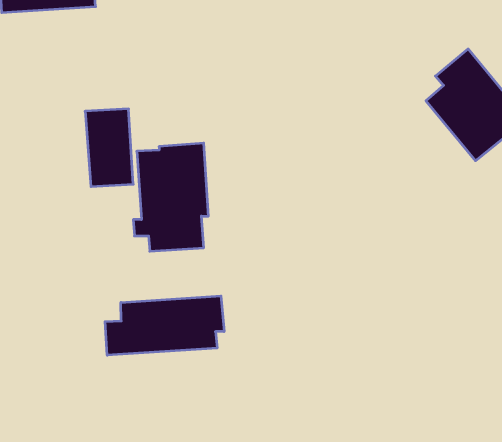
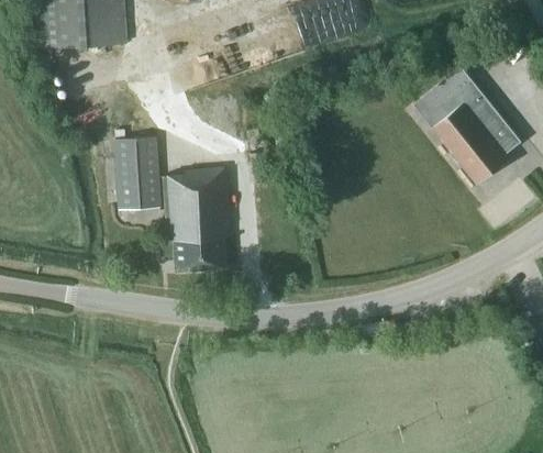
building: none -> [415,67,474,130]
building: [105,296,224,355] -> none

